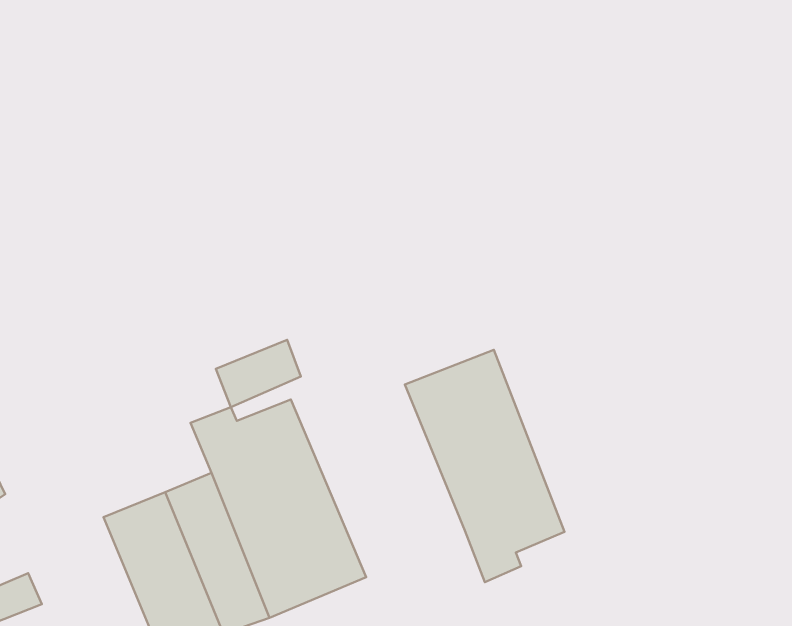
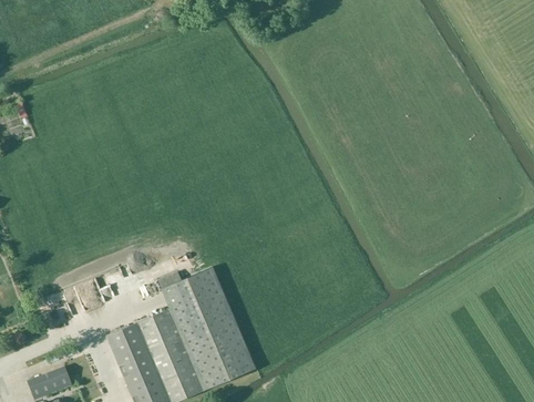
building: [216,340,301,407] -> none
building: [405,350,565,582] -> none

